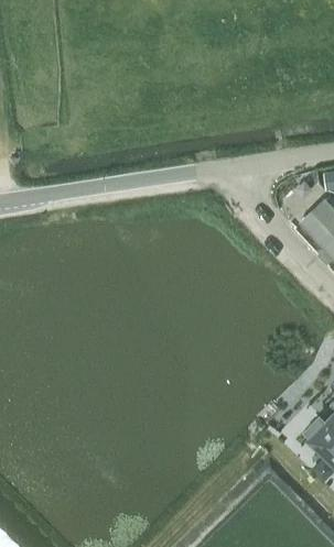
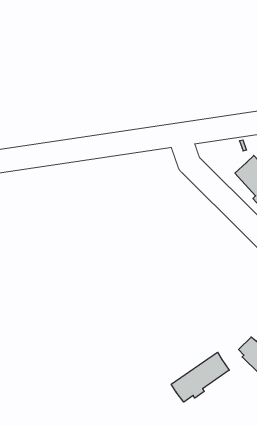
building: none -> [171,352,229,402]

